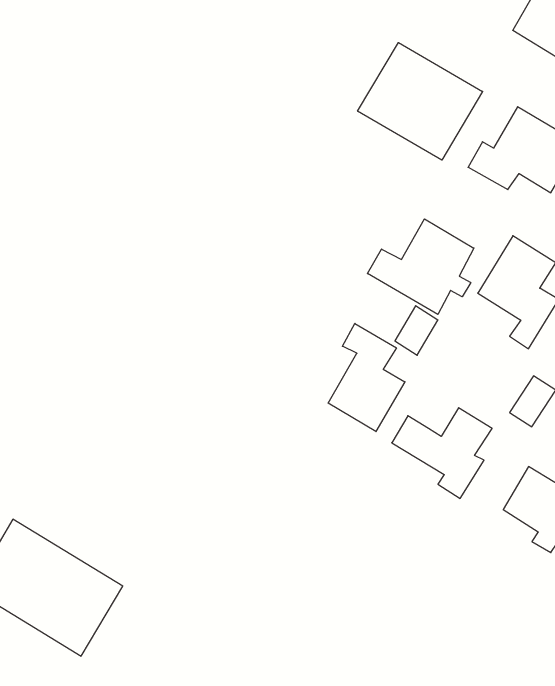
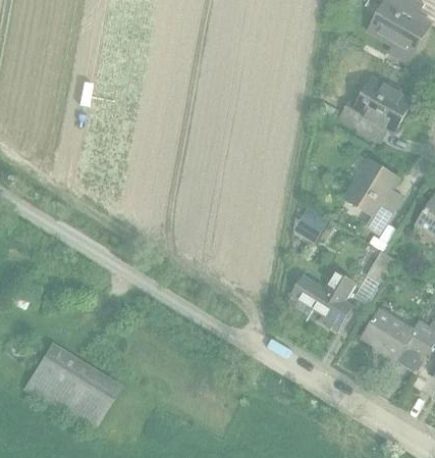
building: [358,43,483,160] -> none
building: [367,219,474,314] -> none
building: [328,323,405,432] -> none

